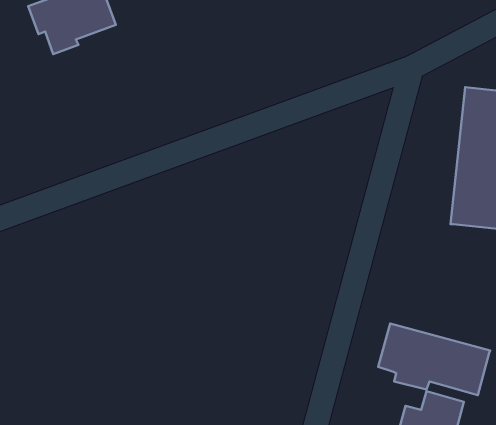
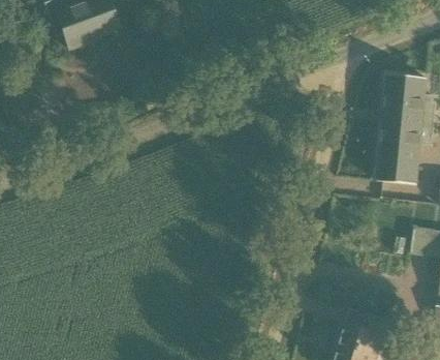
building: [378,323,490,395] -> none

